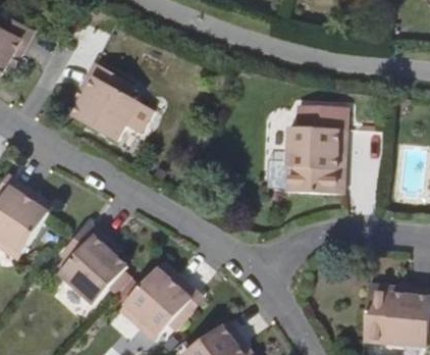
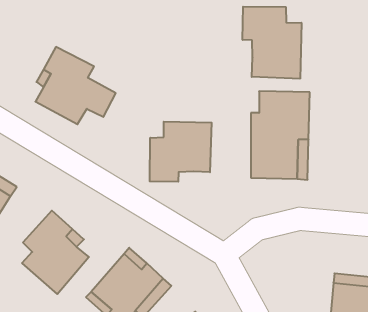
building: none -> [243,7,301,79]
building: none -> [150,122,212,182]

